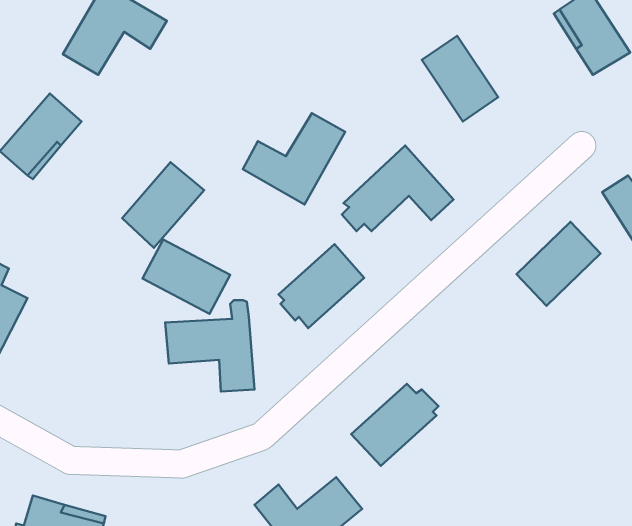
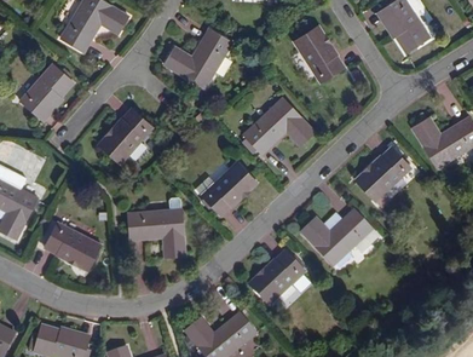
building: [243,113,345,204] -> [165,28,231,87]
building: [143,239,230,314] -> [44,221,100,270]
building: none -> [301,208,376,265]

